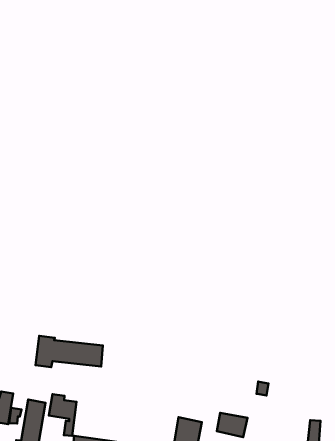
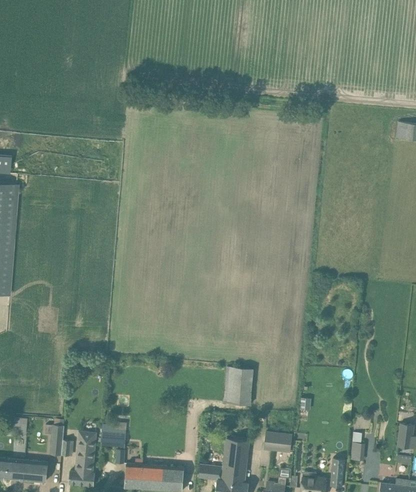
building: [35,336,103,367] -> none
building: none -> [225,367,255,404]

